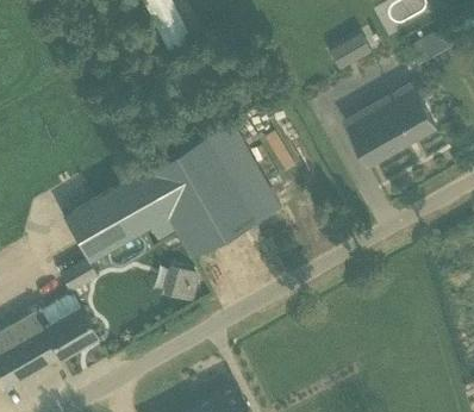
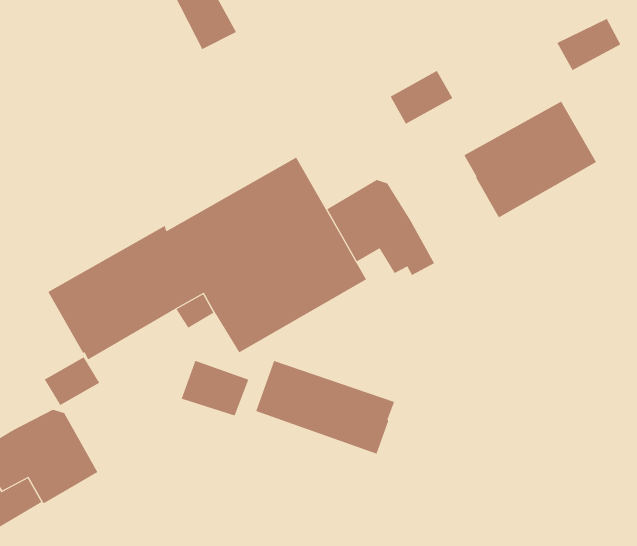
building: [332,31,375,68] -> [390,70,453,125]
building: none -> [327,179,435,276]
building: none -> [256,360,395,455]

